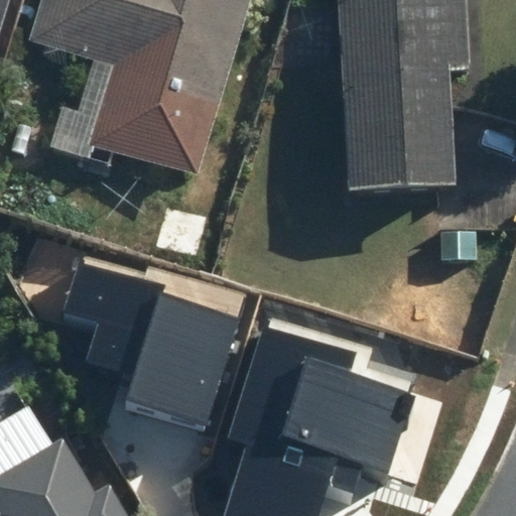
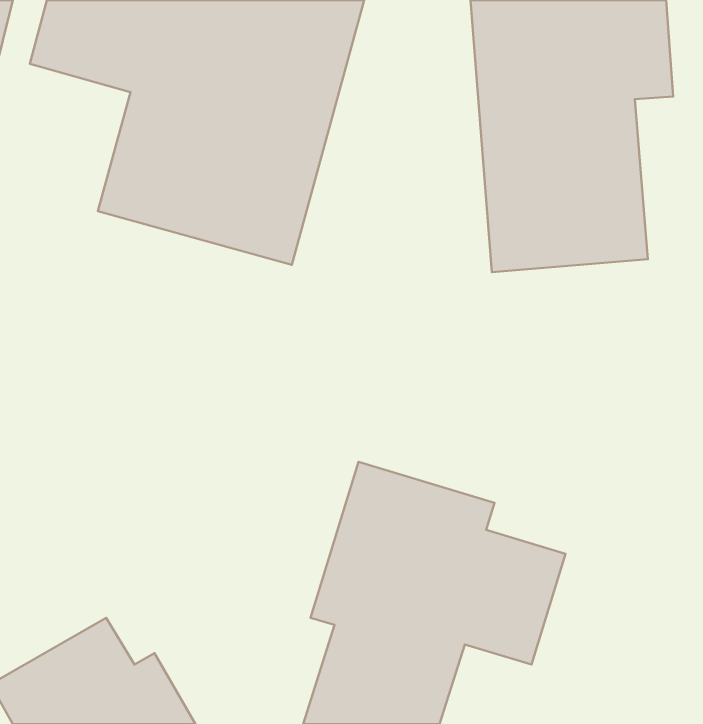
building: [51,268,234,426] -> none

